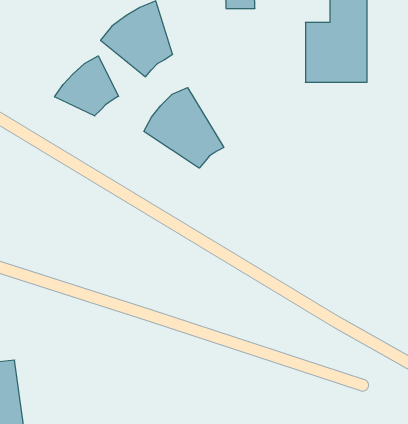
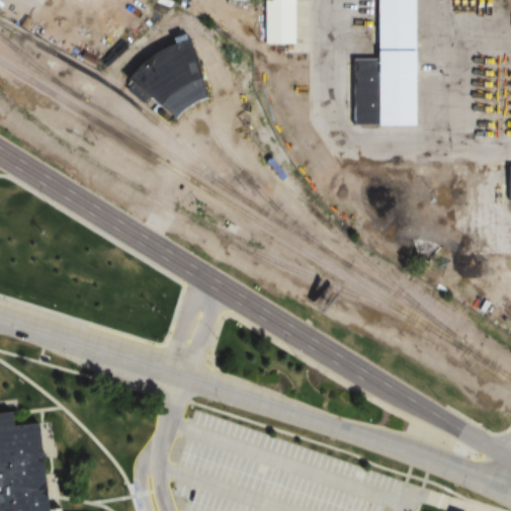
building: [55,56,119,116] -> none
building: [144,88,224,168] -> none

